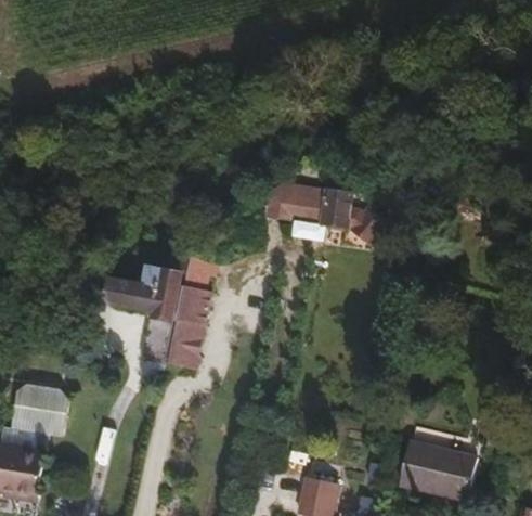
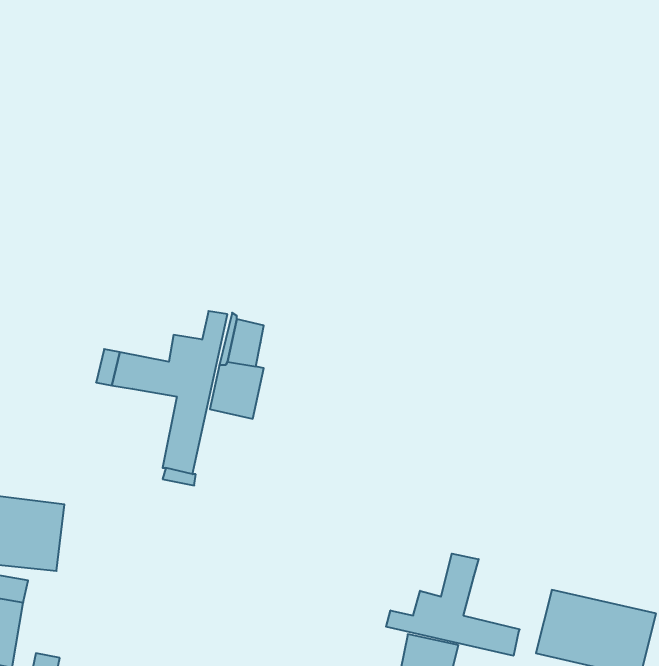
building: [265,185,385,244] -> none
building: [163,320,200,369] -> none
building: none -> [386,554,520,656]

